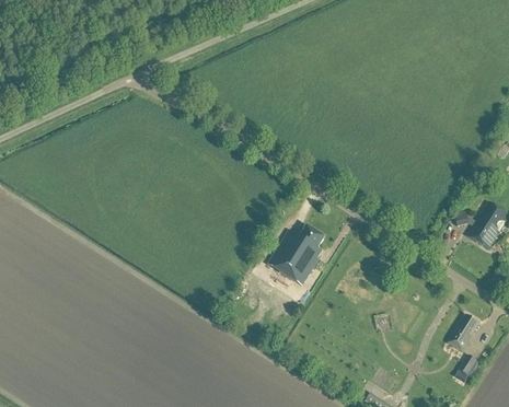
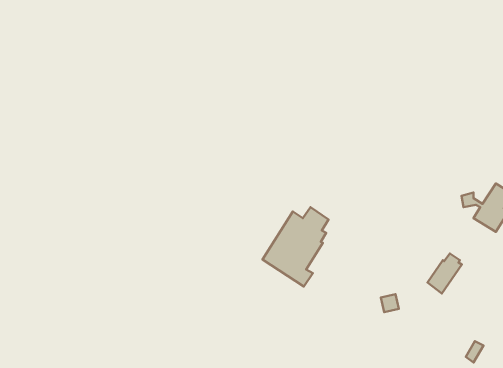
building: [448,314,482,353] -> [427,253,462,294]

